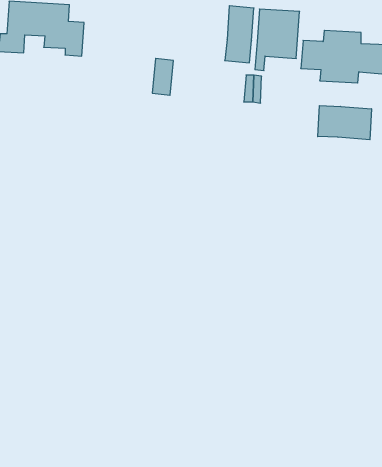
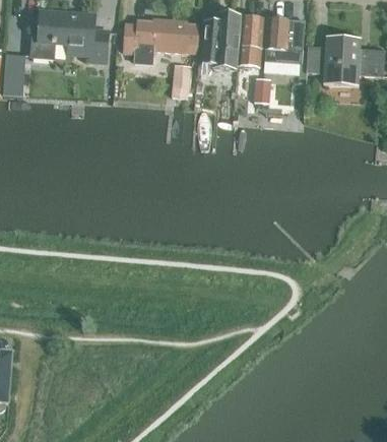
building: none -> [198,13,240,69]
building: none -> [123,19,197,62]
building: [318,106,371,140] -> none

